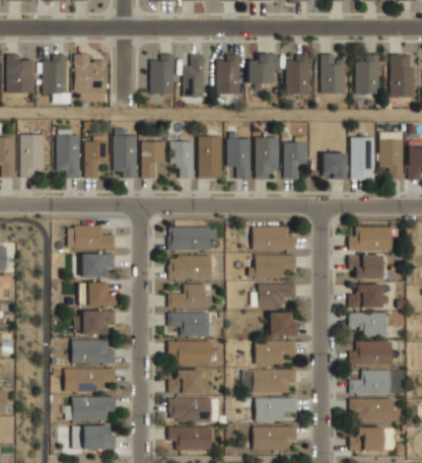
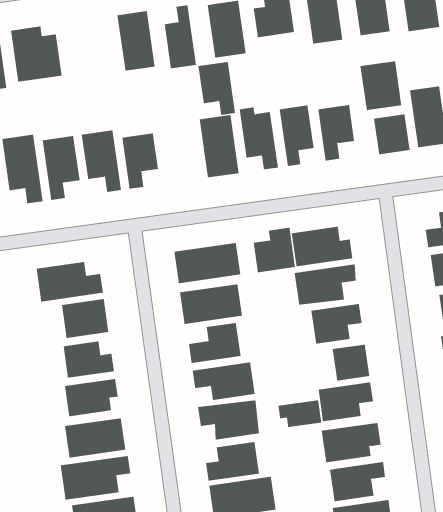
building: none -> [360,60,402,111]
building: [171,141,194,179] -> [198,61,236,115]
building: none -> [253,227,296,273]
building: none -> [278,399,322,428]

